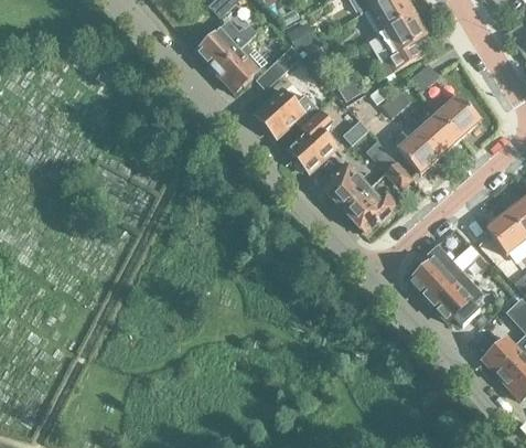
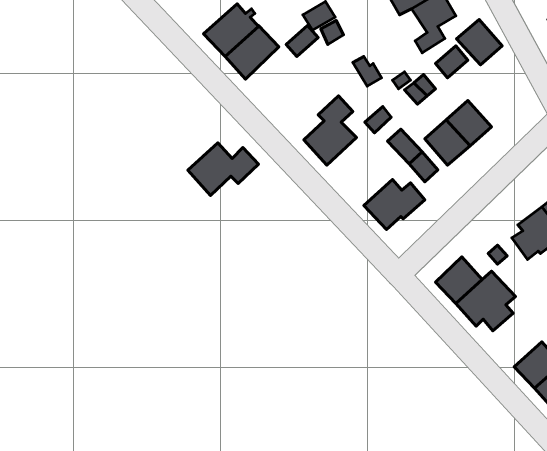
building: [255,87,320,136] -> [188,143,258,195]
building: [439,94,481,136] -> [457,20,502,65]
building: [323,160,369,209] -> none

